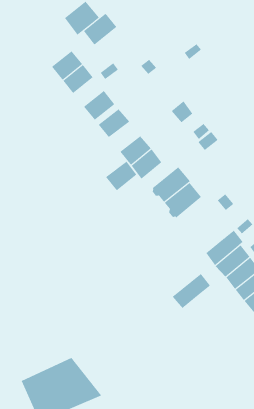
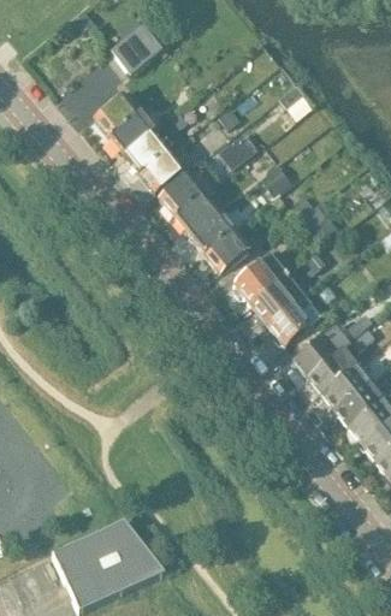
building: [83,13,117,45] -> none
building: none -> [125,131,168,172]
building: none -> [219,131,257,168]
building: [105,161,137,191] -> [174,192,219,235]
building: none -> [268,297,321,346]
building: [172,273,211,309] -> [295,326,349,375]

